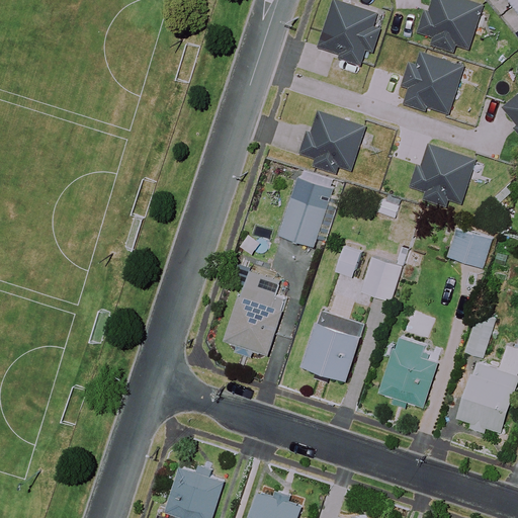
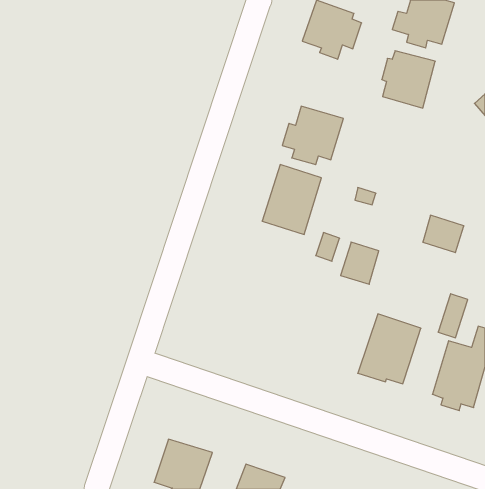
building: [410,144,473,205] -> none
building: [224,272,291,355] -> none
building: [301,310,363,379] -> none

